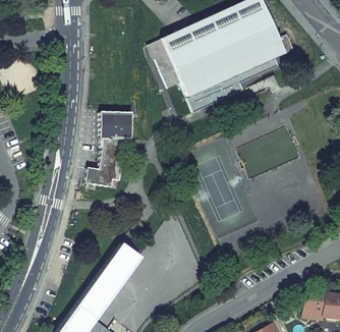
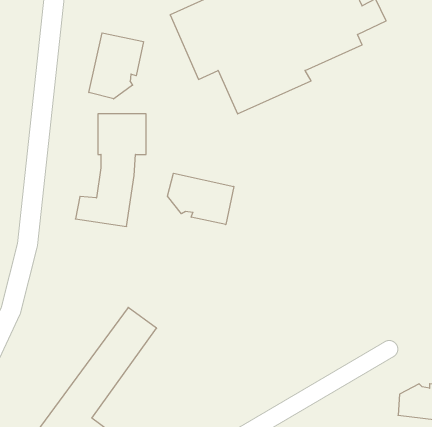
building: none -> [89,33,143,99]
building: none -> [167,173,234,225]

